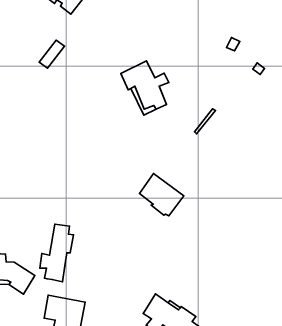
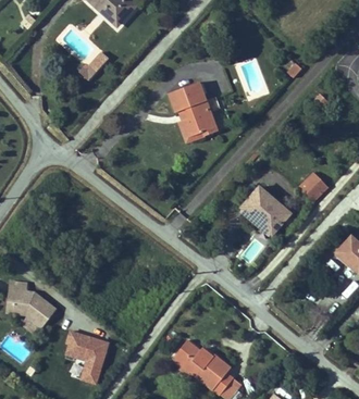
building: none -> [297,172,325,201]
building: [139,174,184,216] -> [240,185,289,233]
building: [40,224,73,282] -> none

